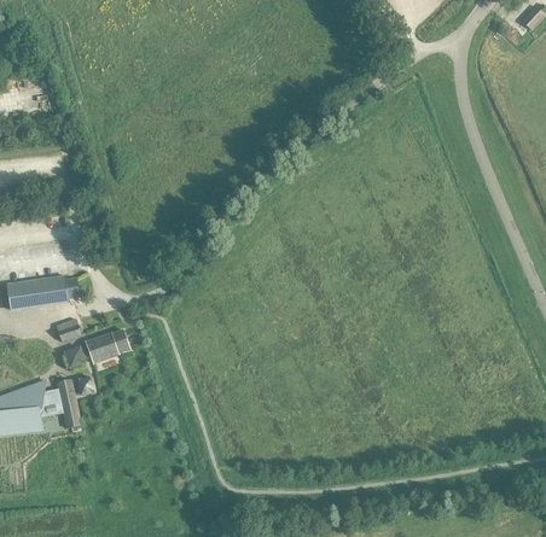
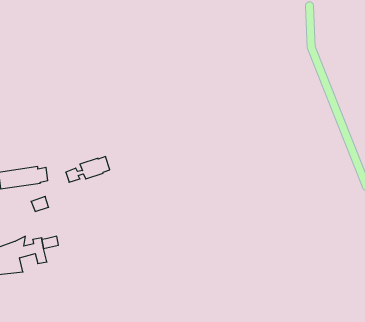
building: [64,331,128,368] -> [66,157,110,182]

